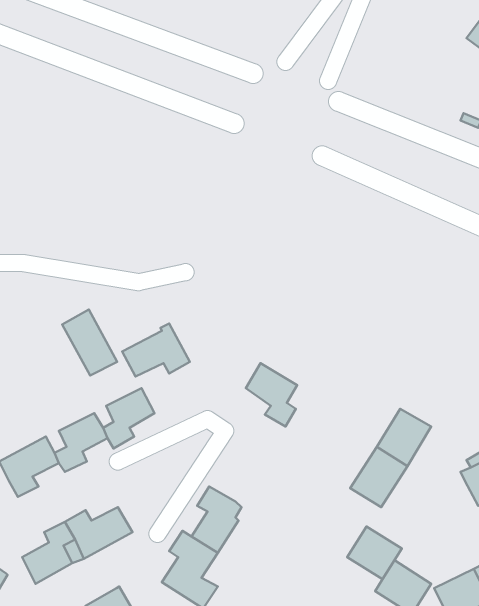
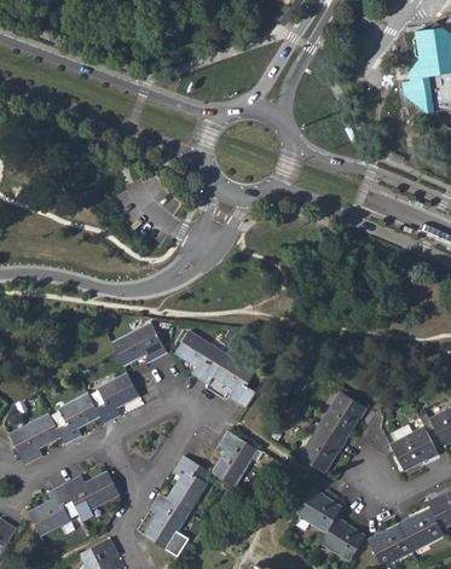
building: [62,309,117,375] -> none
building: none -> [175,331,225,383]
building: none -> [212,430,256,486]

